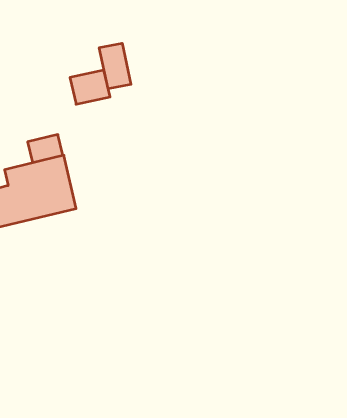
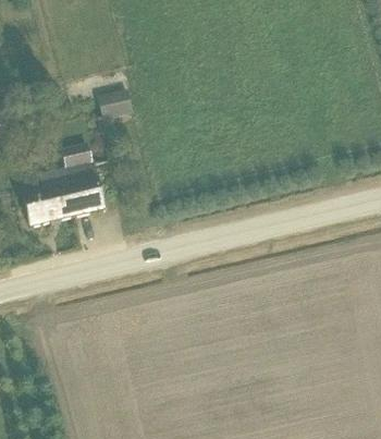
building: [99,43,131,89] -> none

